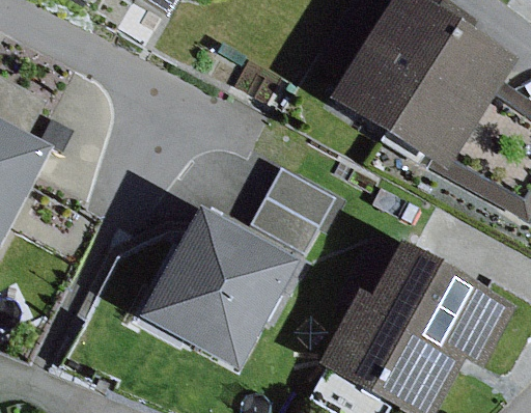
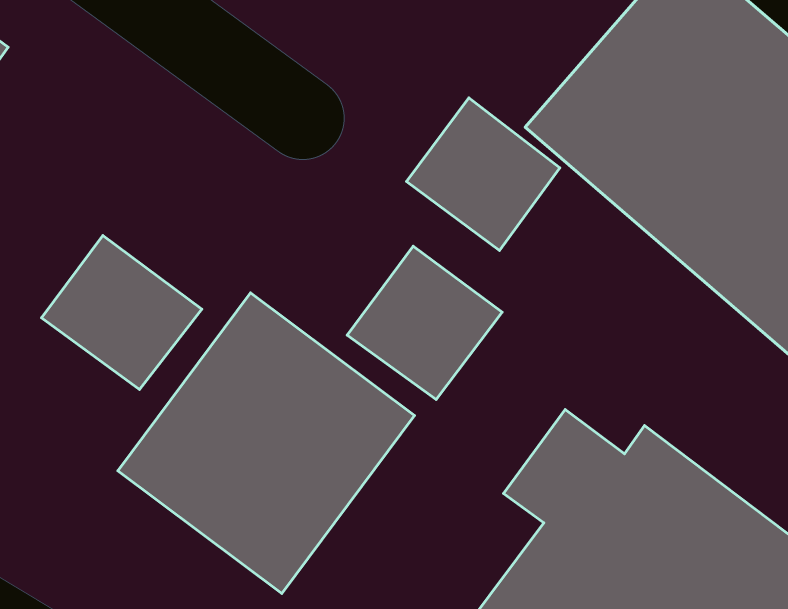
building: none -> [407,98,560,251]
building: none -> [42,236,202,390]

